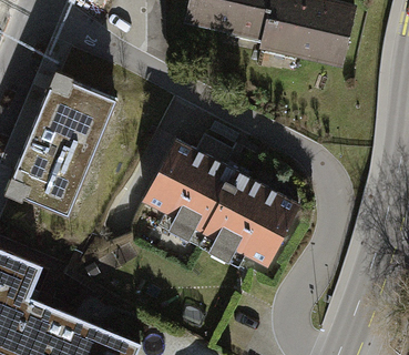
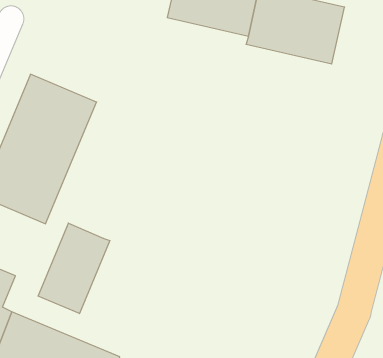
building: [143,140,297,265] -> none
building: none -> [38,223,110,314]

